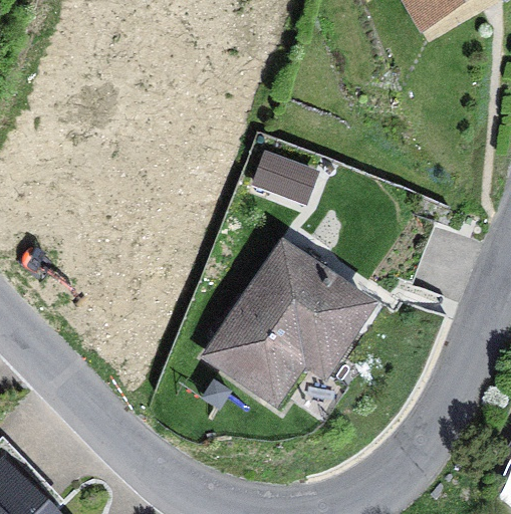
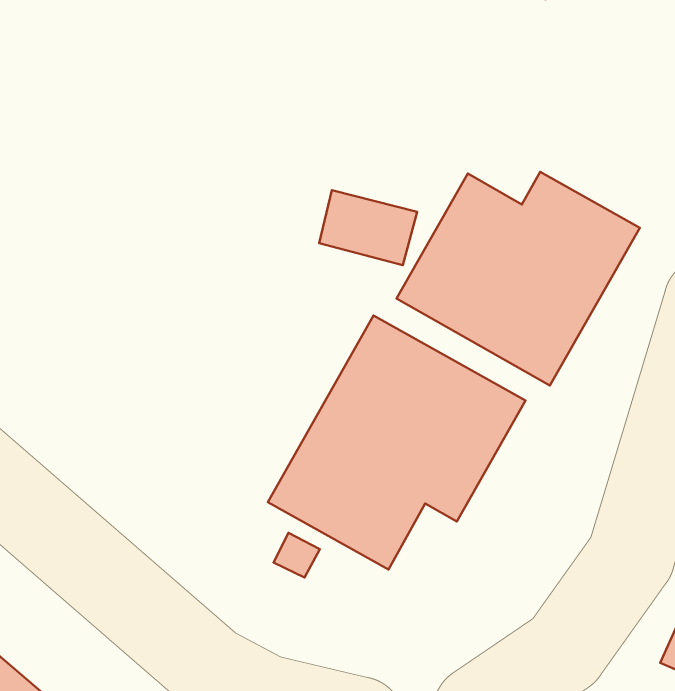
building: none -> [397,172,640,385]

